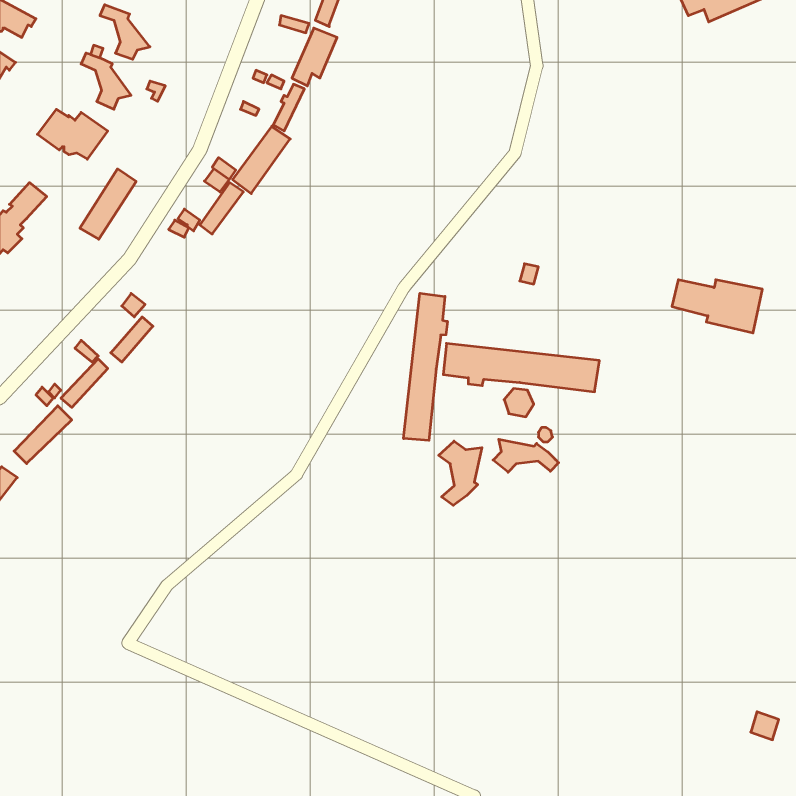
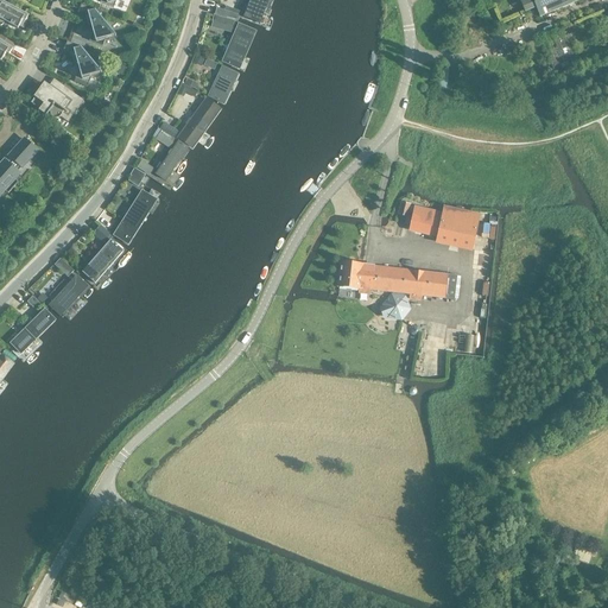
building: [80,169,136,239] -> [113,190,156,243]
building: [672,280,762,333] -> [410,208,479,248]
building: [404,293,447,440] -> none
building: [493,439,559,472] -> none
building: [439,441,482,505] -> none

